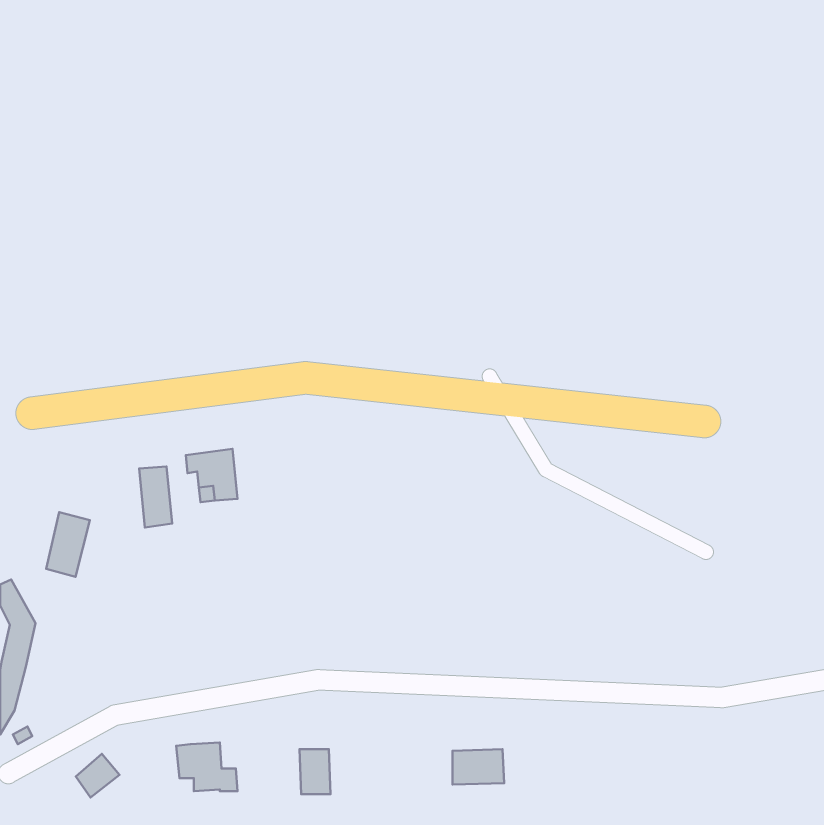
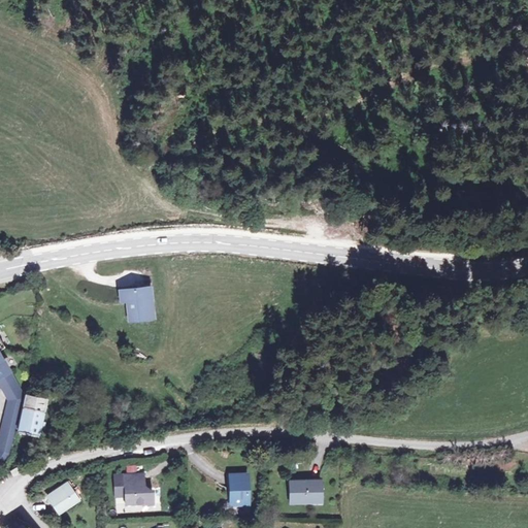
building: [139,466,172,527] -> none
building: [46,512,90,577] -> [19,395,46,436]
building: [300,749,330,794] -> [229,474,249,503]

